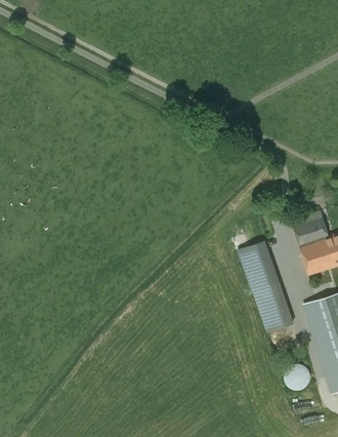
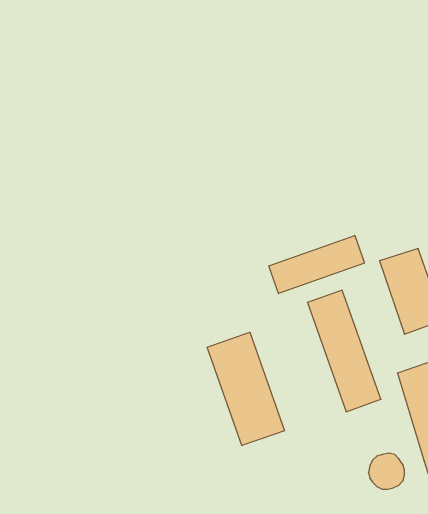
building: none -> [269,235,364,294]
building: none -> [207,332,285,446]

